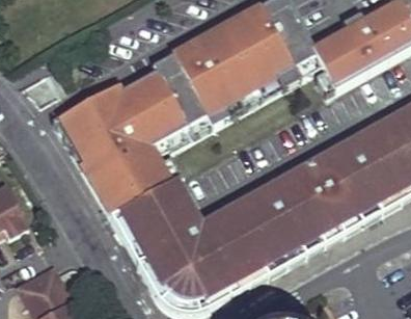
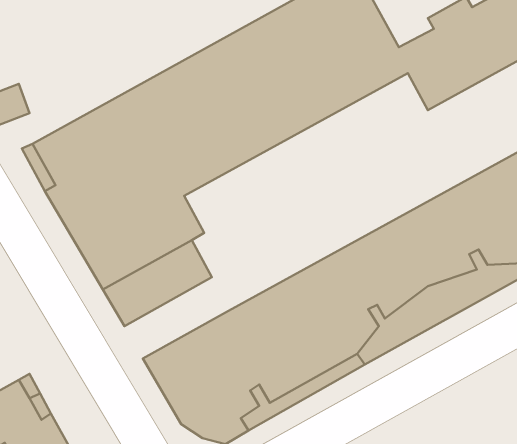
building: [122,201,193,256] -> none

